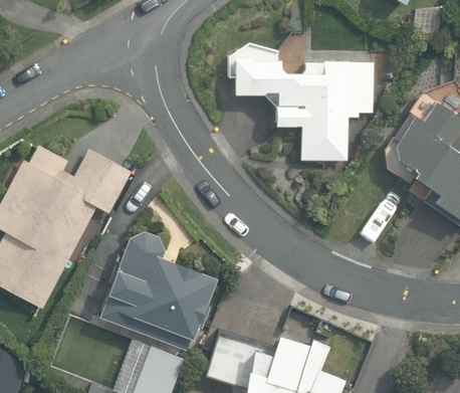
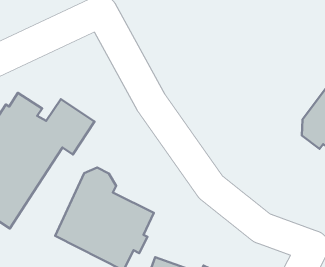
building: [235,59,376,162] -> none

